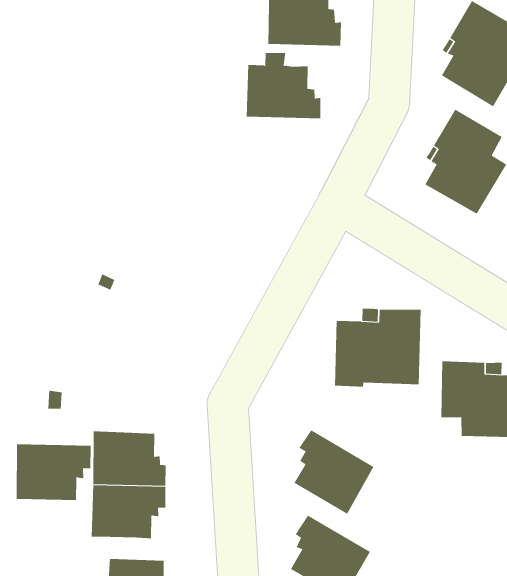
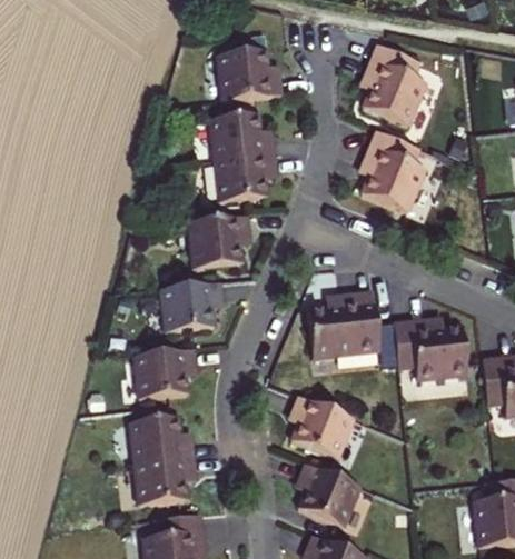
building: none -> [215,152,275,201]
building: none -> [188,214,248,267]
building: none -> [159,281,220,331]
building: [16,444,91,501] -> [133,348,195,398]

